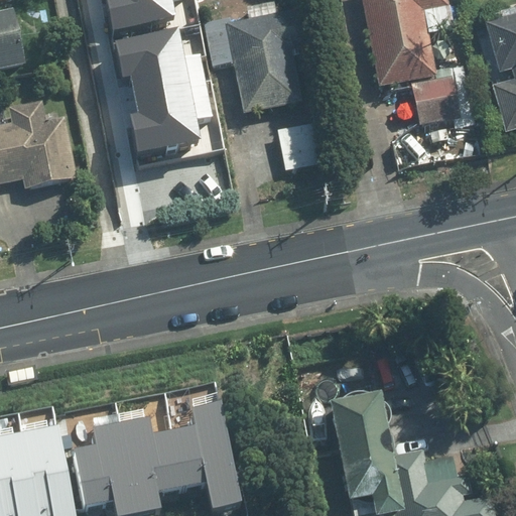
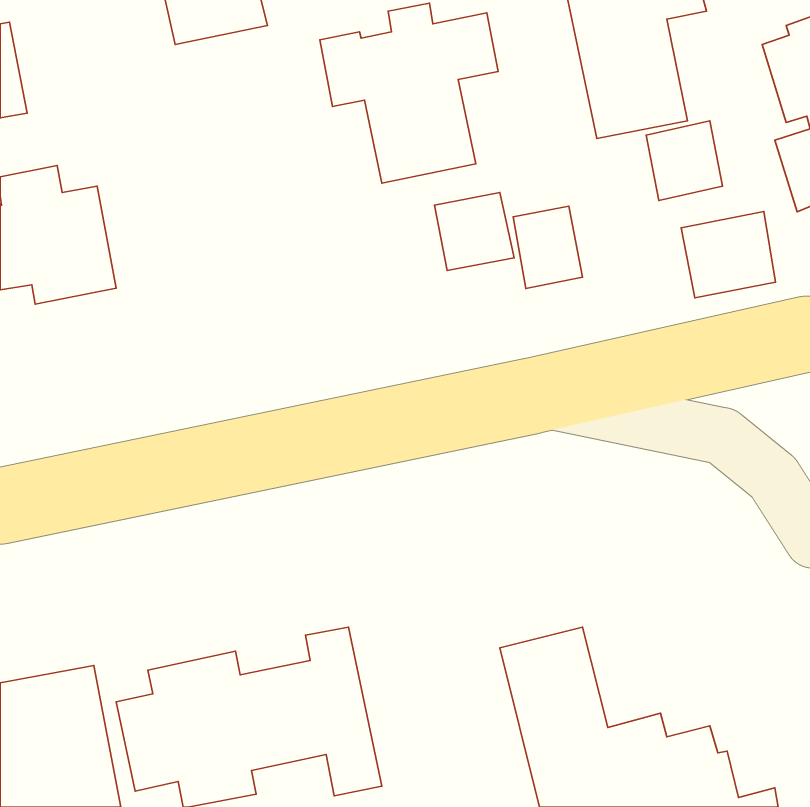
building: [116,34,198,152] -> none
building: none -> [513,206,583,289]
building: none -> [681,212,776,298]

